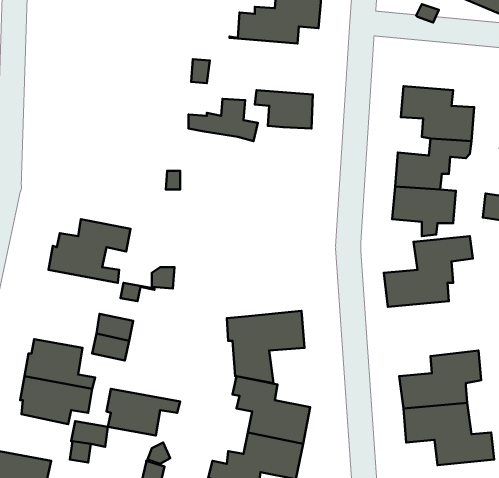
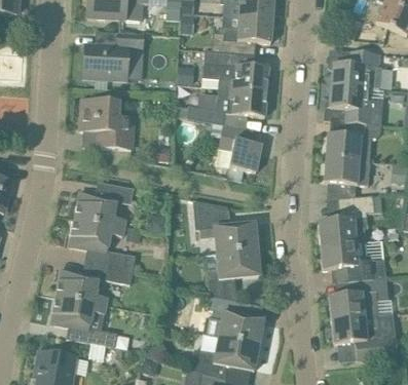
building: none -> [83,32,143,79]
building: none -> [205,50,268,91]
building: none -> [332,51,382,89]
building: none -> [80,100,133,149]
building: none -> [218,125,261,181]
building: none -> [192,200,258,253]
building: none -> [321,240,386,281]
building: [106,389,180,435] -> [71,219,124,253]

